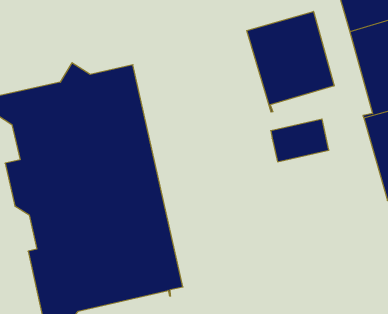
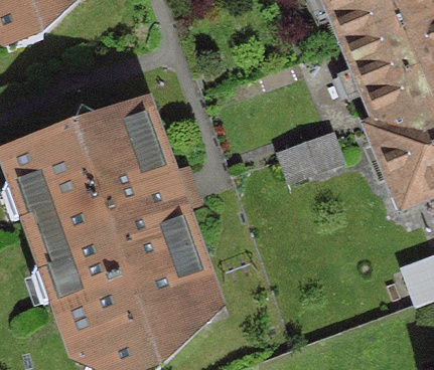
building: [247,11,334,112] -> none

